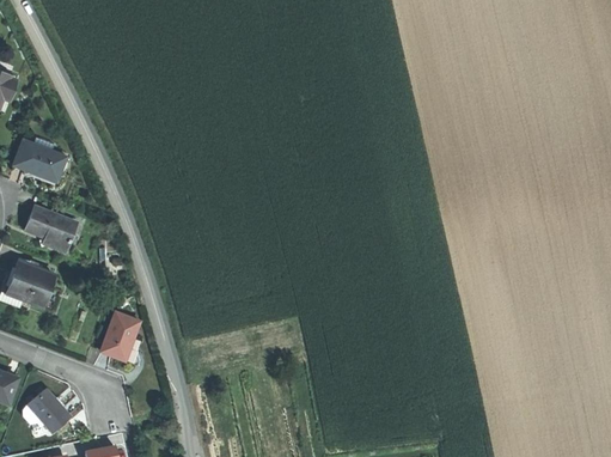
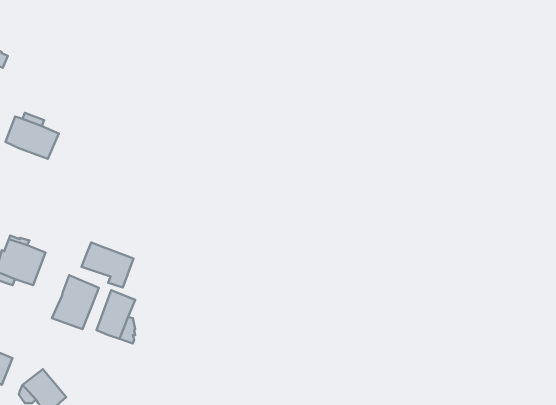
building: [23,207,74,251] -> [81,243,134,288]
building: none -> [52,275,99,329]

